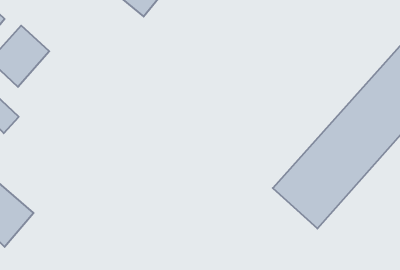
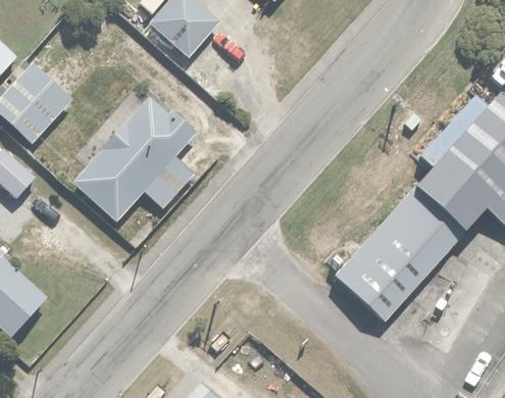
building: none -> [70,97,198,220]

